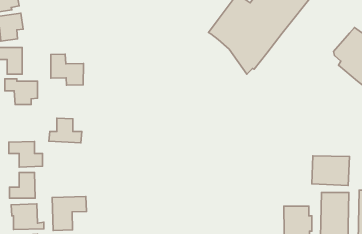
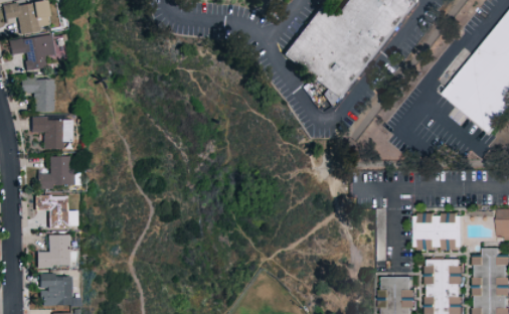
building: [51,54,83,85] -> none
building: [49,118,82,143] -> [39,155,80,186]
building: [52,197,86,231] -> none

